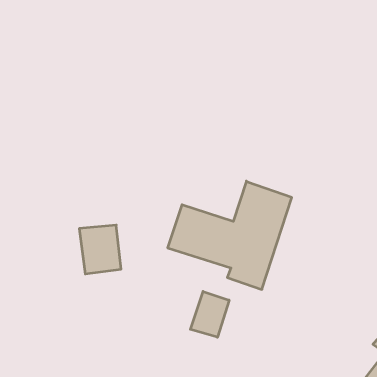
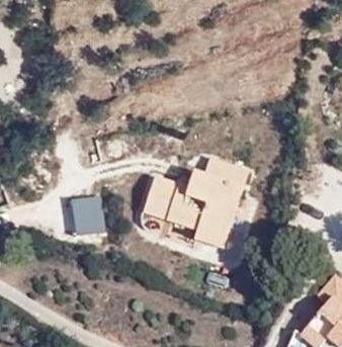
building: [190,291,229,337] -> none

